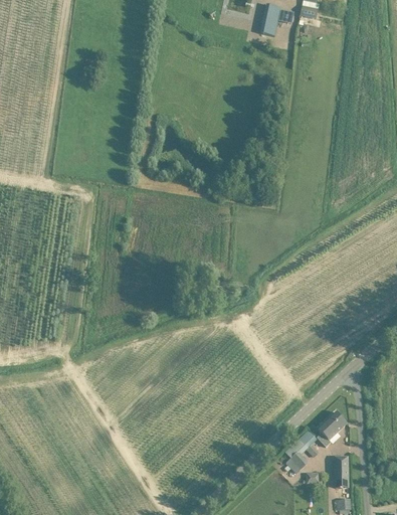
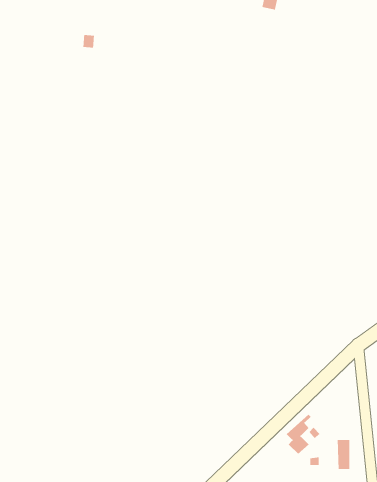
building: [317,411,347,447] -> none

